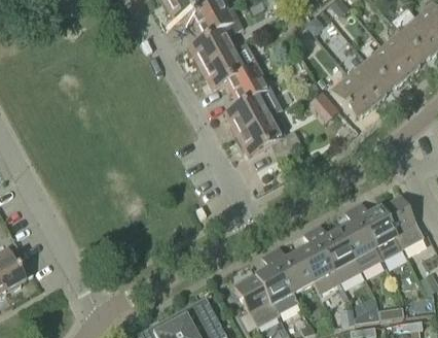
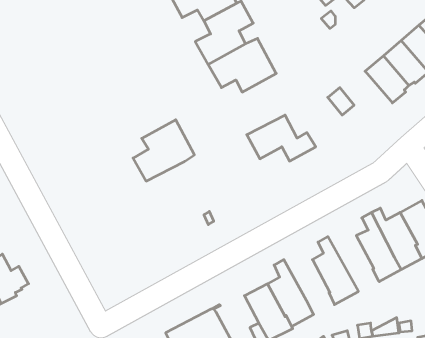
building: [330,74,373,117] -> none
building: [224,76,282,134] -> [133,120,194,181]
building: [313,226,360,281] -> none
building: [271,247,315,293] -> none

